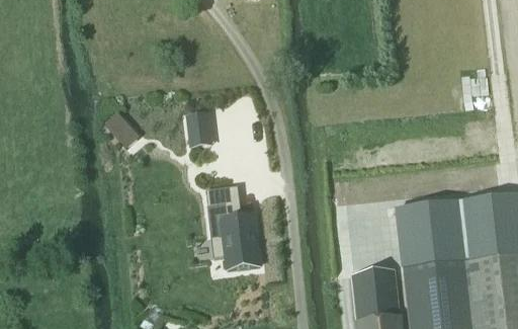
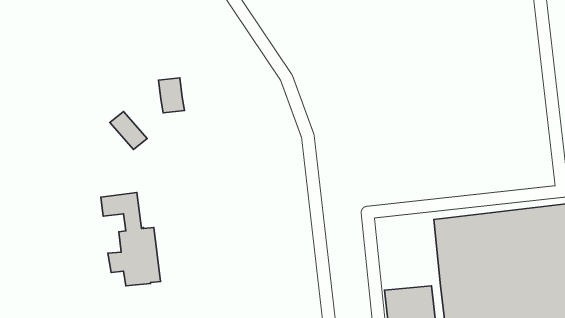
building: [186,112,209,144] -> [159,78,184,113]
building: [204,183,258,267] -> [101,193,161,286]

